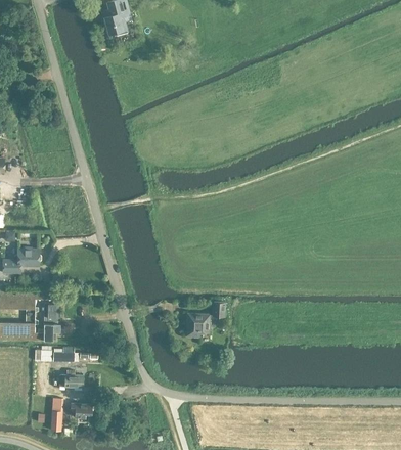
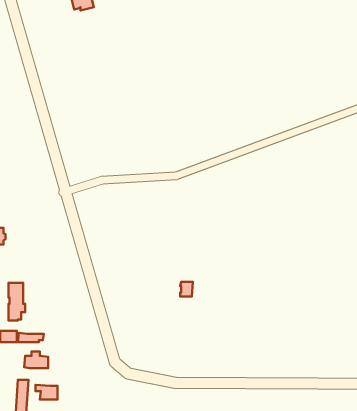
building: [186,313,210,335] -> none

